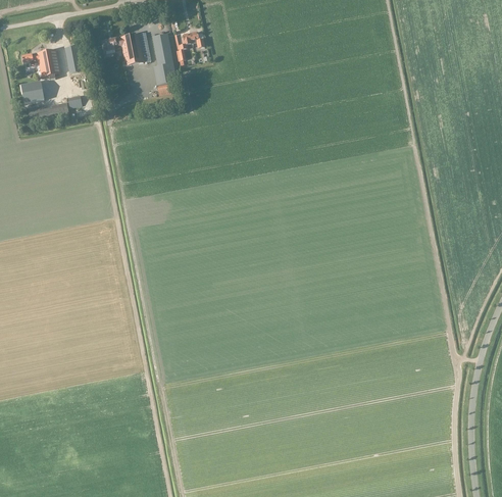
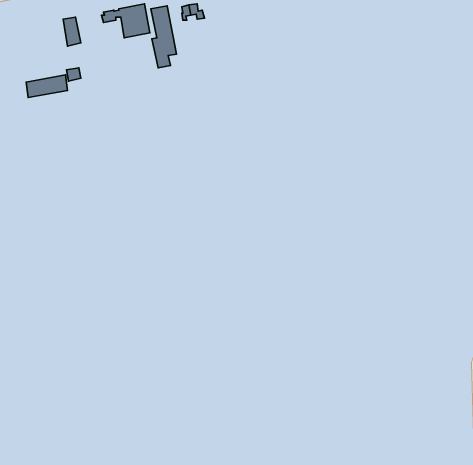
building: [20,48,59,76] -> none
building: [20,81,44,102] -> none

